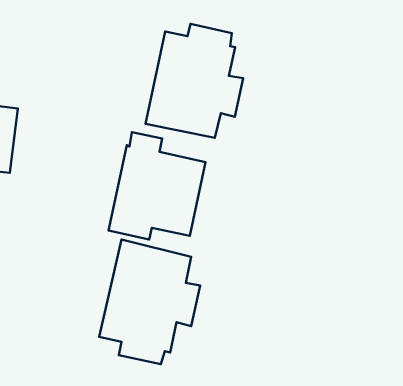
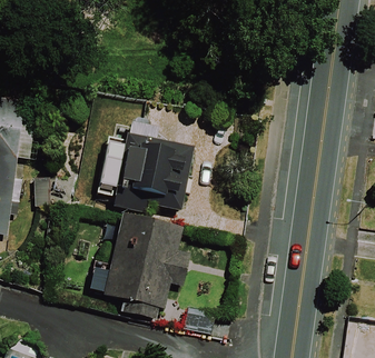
building: [145,24,243,138] -> none

